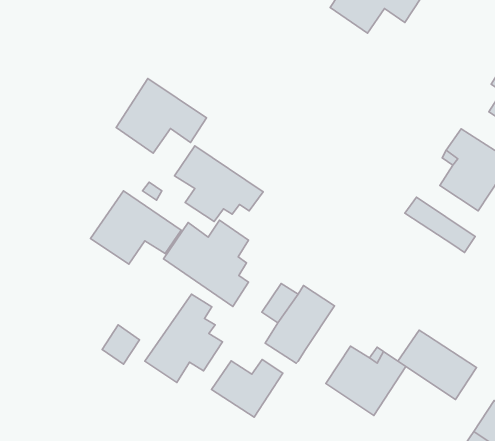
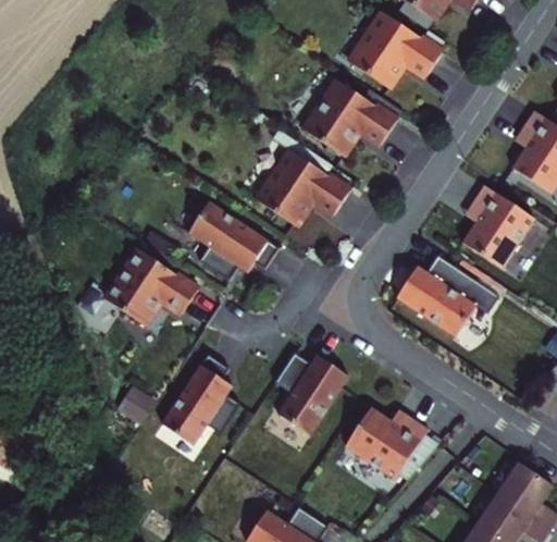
building: none -> [304,81,403,156]
building: [116,79,207,153] -> [257,150,349,226]
building: [164,220,248,306] -> none
building: [398,330,477,399] -> [395,267,475,337]
building: [212,360,283,417] -> none

